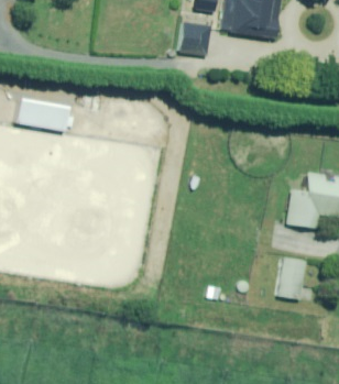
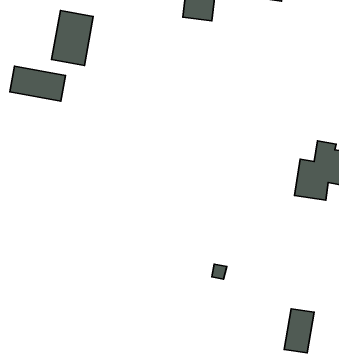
building: none -> [51,11,93,65]
building: [278,257,307,299] -> [284,309,314,353]

